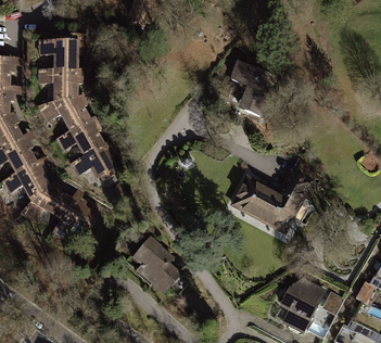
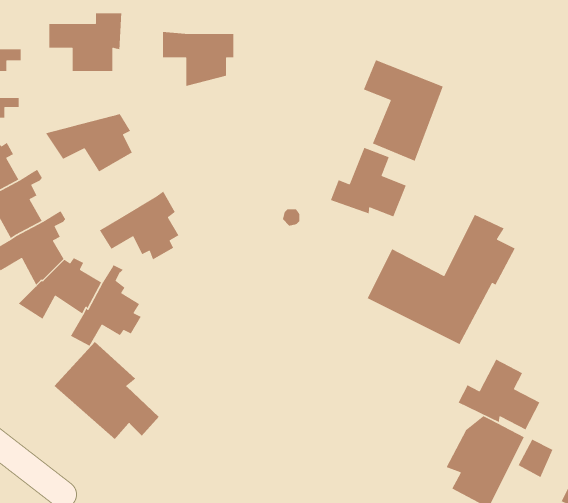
building: [38,68,81,102] -> [162,31,234,87]
building: none -> [330,147,407,218]
building: [54,115,103,157] -> none
building: [125,236,189,295] -> [54,341,160,440]
building: none -> [458,358,540,430]

